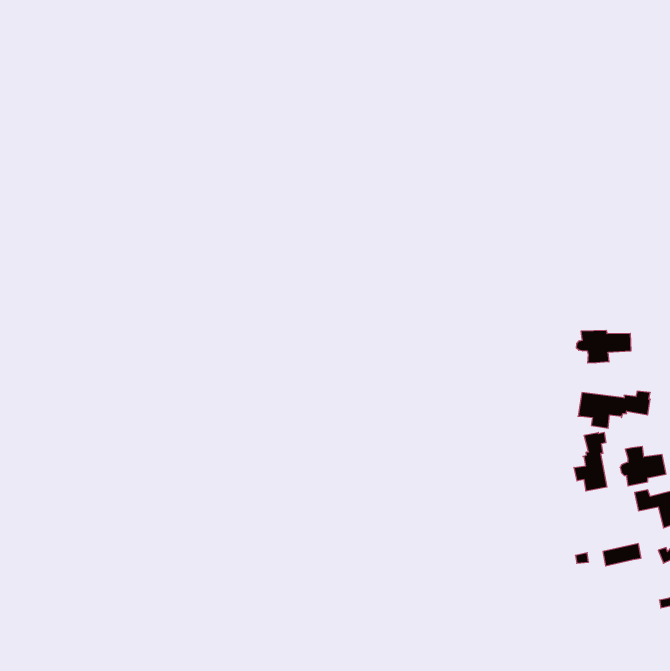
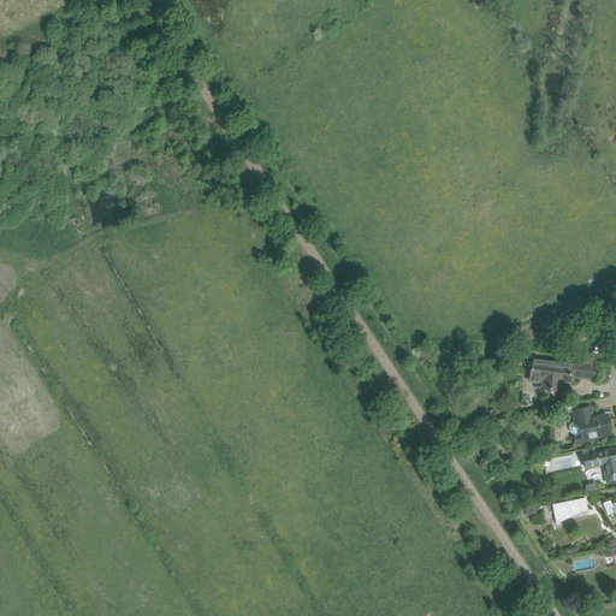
building: [577,330,631,363] -> none
building: [574,432,607,491] -> none

